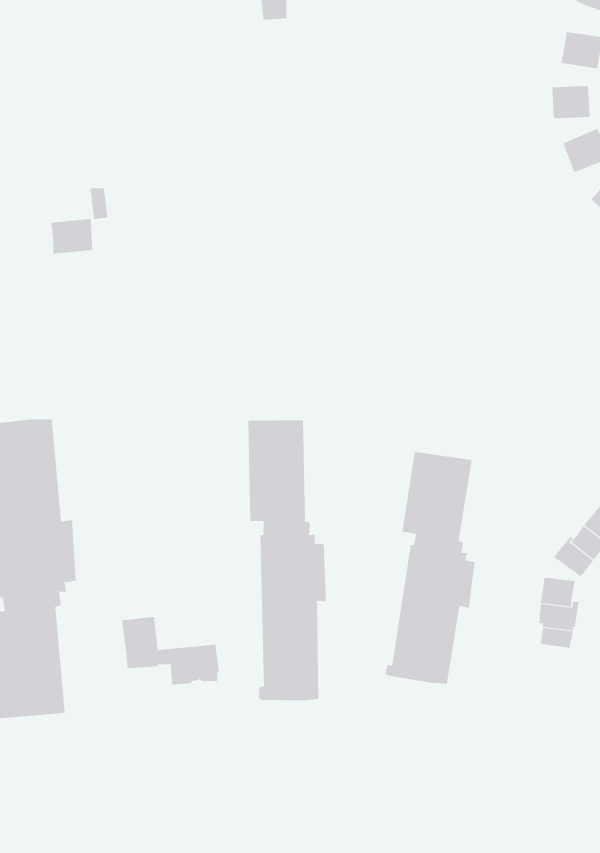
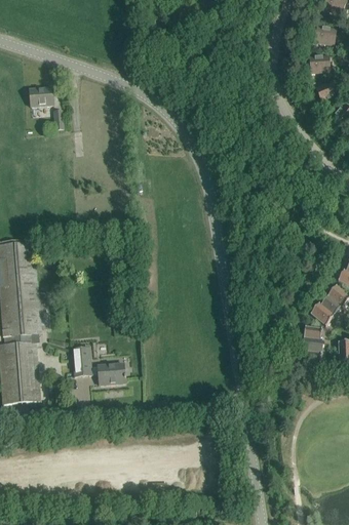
building: [50,219,93,254] -> [29,86,52,106]
building: [248,419,326,701] -> none
building: [385,451,475,685] -> none

